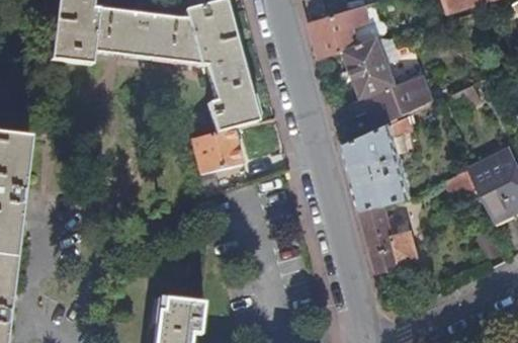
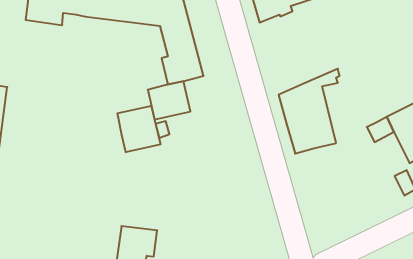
building: [345,38,434,128] -> none
building: none -> [117,106,160,152]
building: [362,204,419,270] -> none

